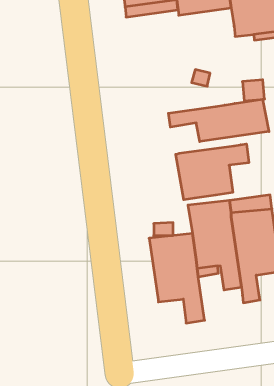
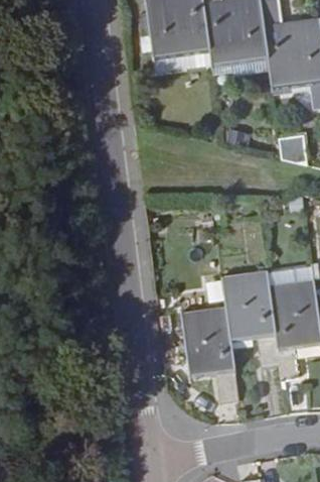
building: [168,99,269,142] -> none
building: [176,144,249,200] -> none

